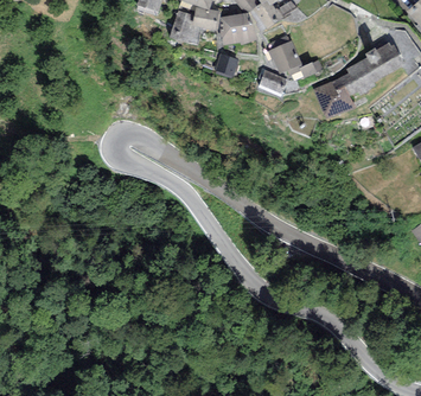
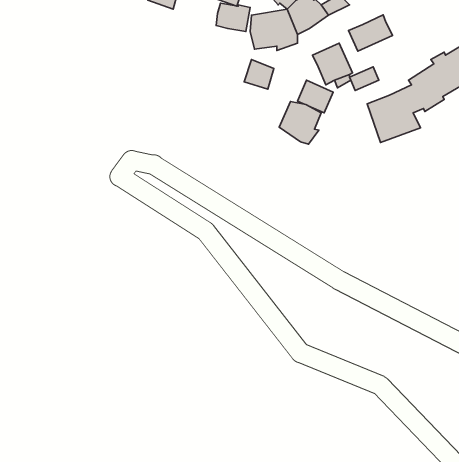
building: [170,9,202,44] -> none
building: none -> [348,15,393,51]
building: none -> [279,101,321,144]

